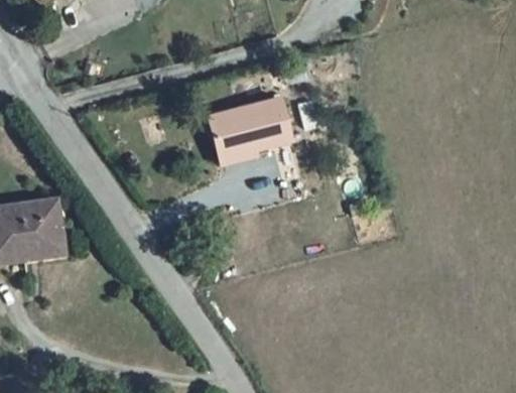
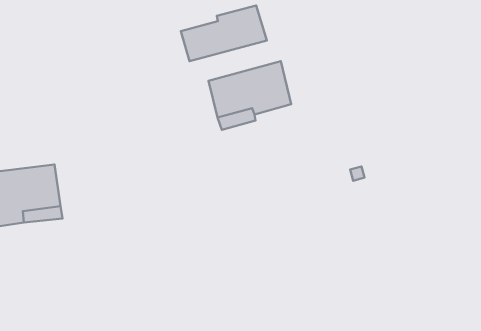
building: none -> [181,6,267,61]

